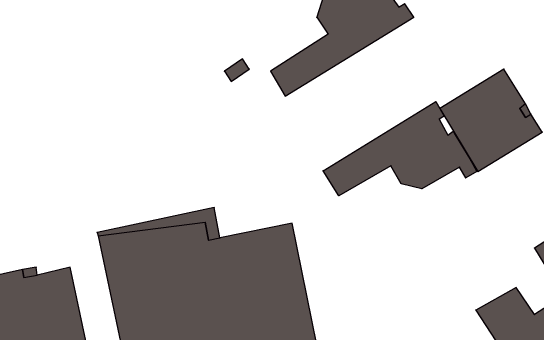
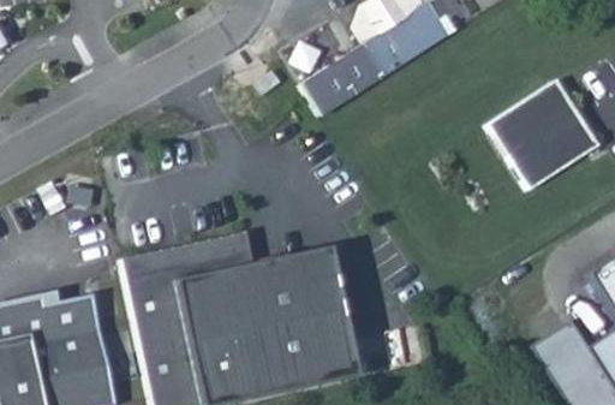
building: [323,102,477,196] -> none

